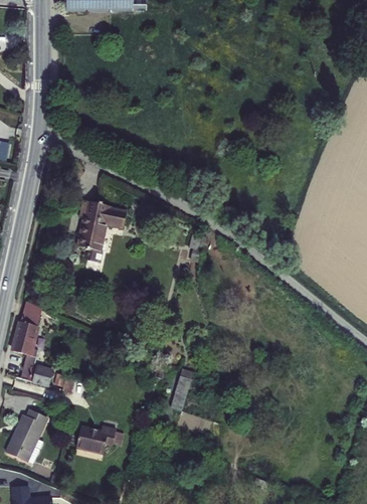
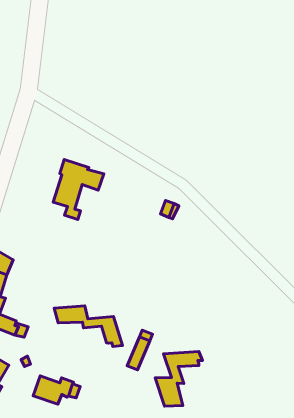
building: none -> [54,306,122,347]
building: none -> [155,351,202,406]

